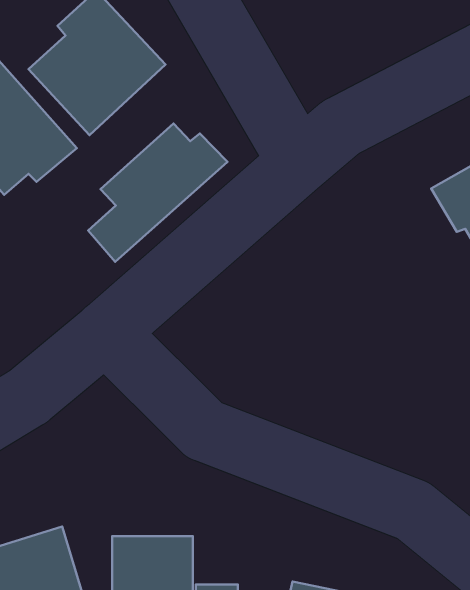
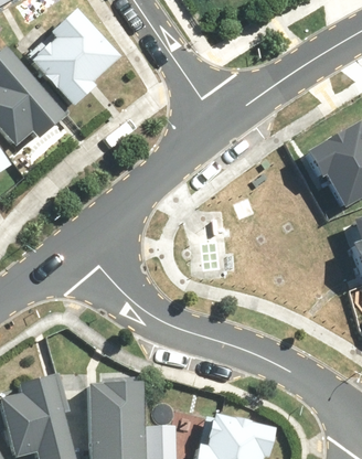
building: [88,123,227,262] -> none

